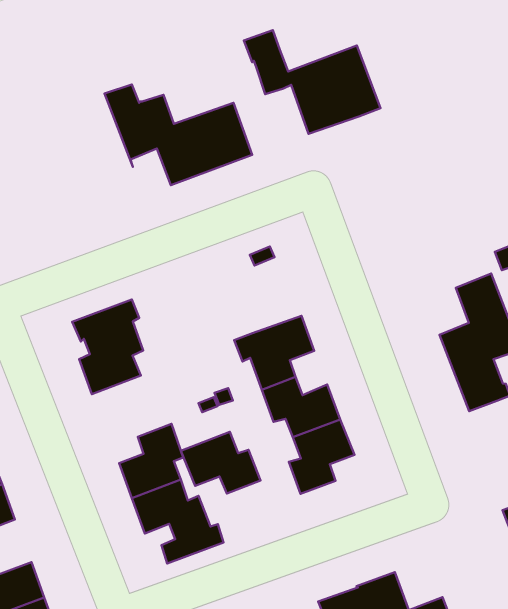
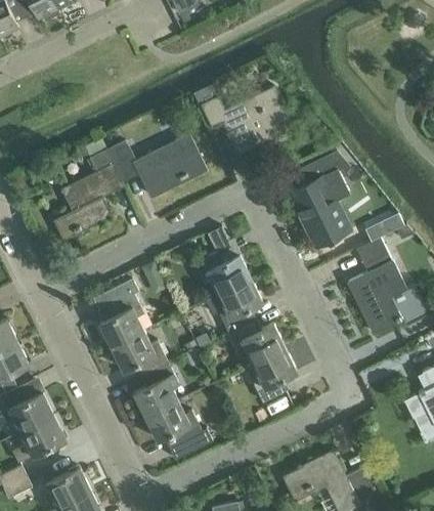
building: none -> [53,138,124,242]
building: none -> [291,153,351,246]
building: none -> [193,252,251,295]
building: [181,432,260,493] -> [111,332,168,375]

